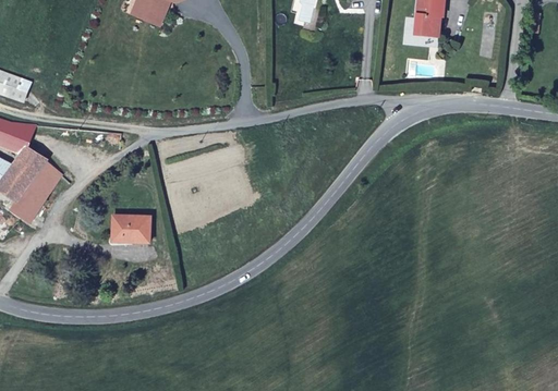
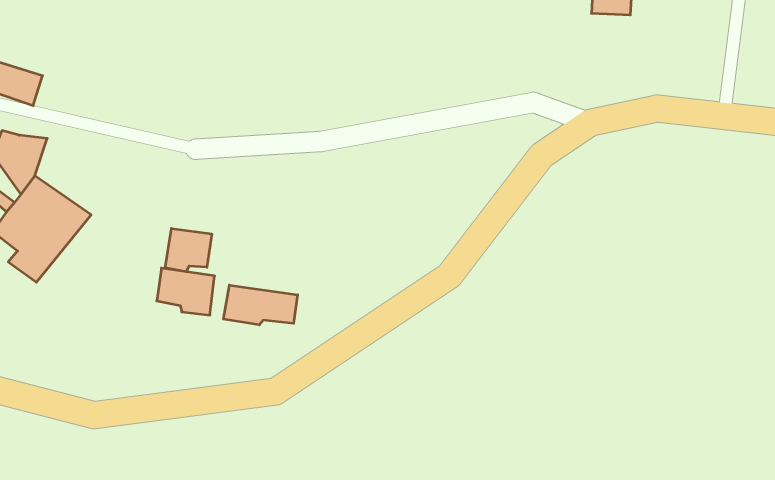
building: none -> [165,228,212,272]
building: none -> [223,285,298,325]

